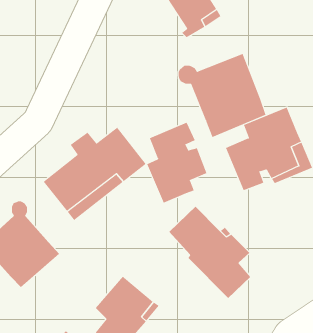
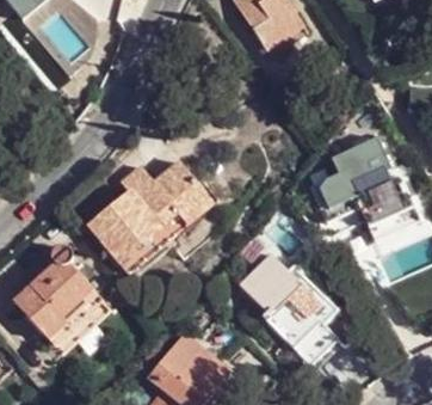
building: [178,53,266,138] -> none
building: [147,122,207,203] -> none

